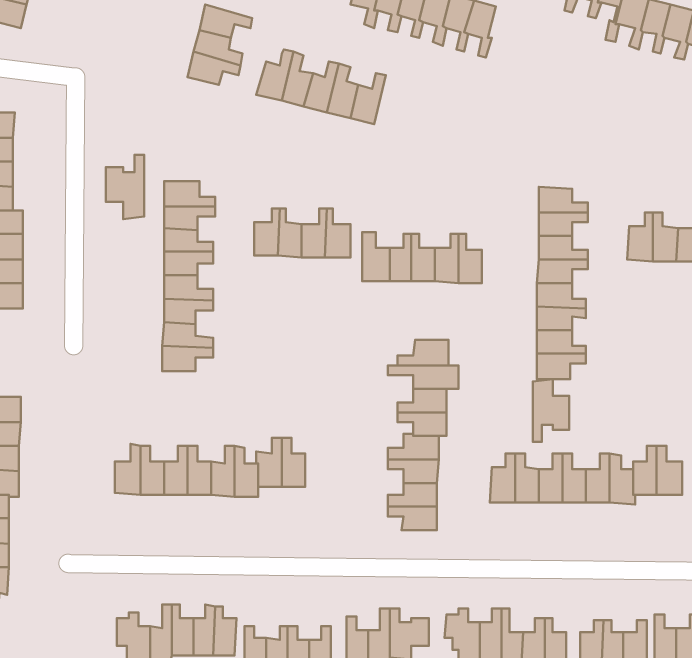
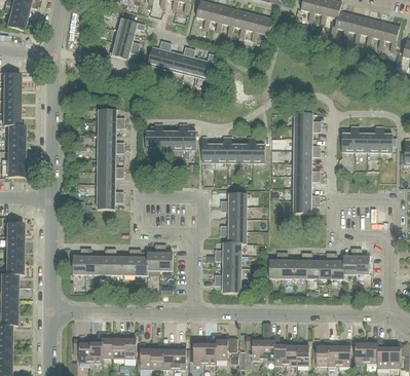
building: [106,155,144,219] -> none
building: [533,379,569,442] -> none

